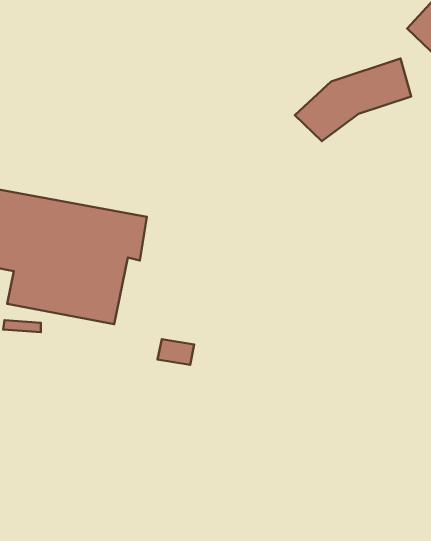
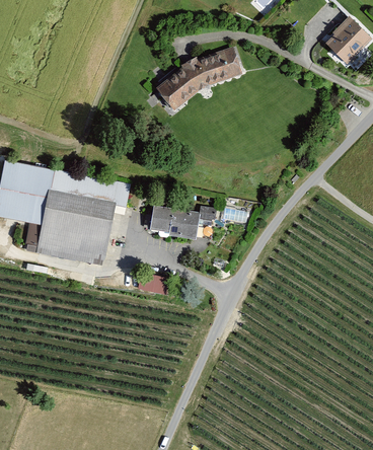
building: [295,58,411,141] -> [155,47,242,108]
building: none -> [149,205,217,237]

